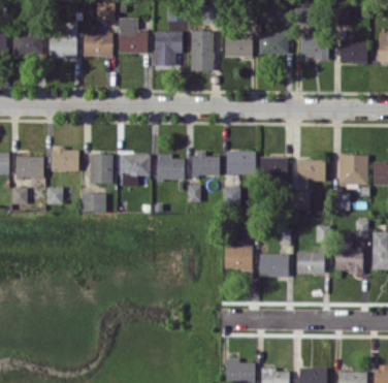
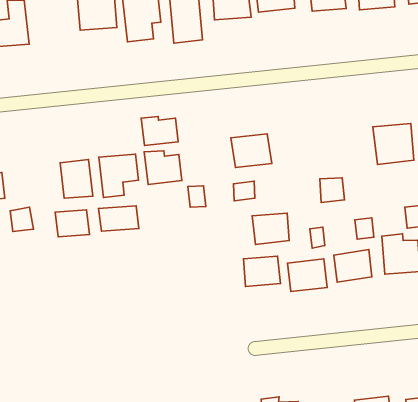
building: [84,33,112,57] -> none
building: [51,149,78,171] -> none
building: [192,154,219,175] -> [141,116,178,146]
building: [260,157,288,180] -> [252,213,289,244]
building: [297,160,325,181] -> none
building: none -> [99,206,139,231]

